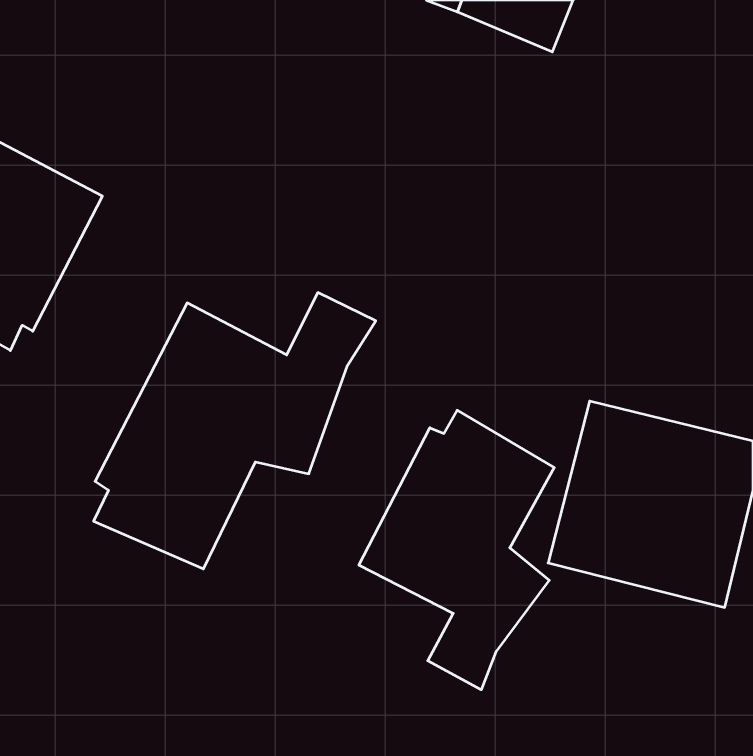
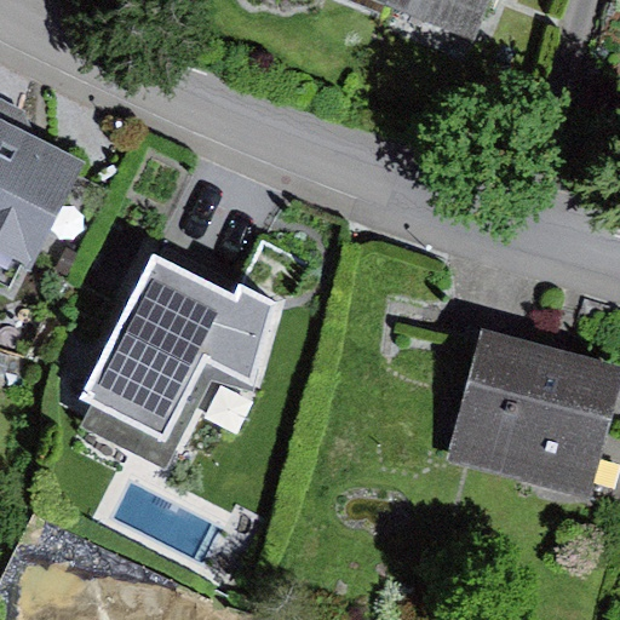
building: [359,410,554,690] -> none

